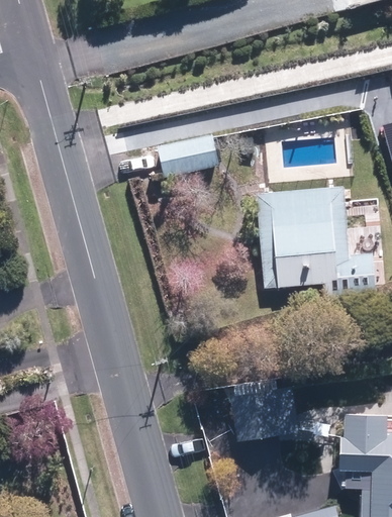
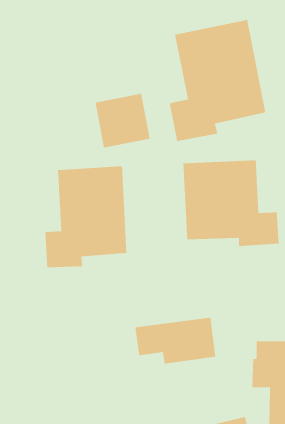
building: none -> [169,19,266,142]
building: none -> [45,165,127,268]

